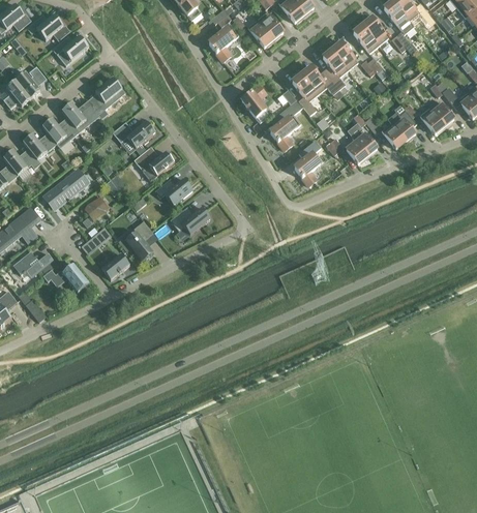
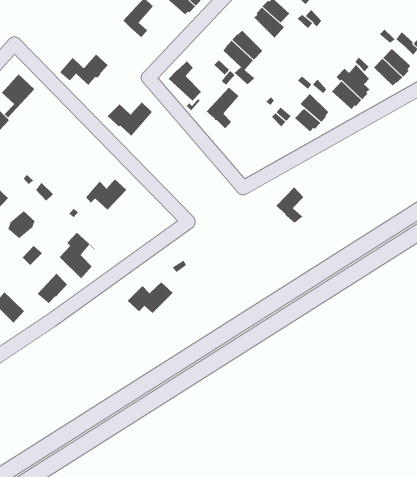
building: [112,122,155,149] -> [59,54,108,86]
building: [133,150,174,181] -> [107,102,153,138]
building: [294,153,320,185] -> [275,187,304,224]
building: [170,207,211,234] -> [127,281,174,314]

